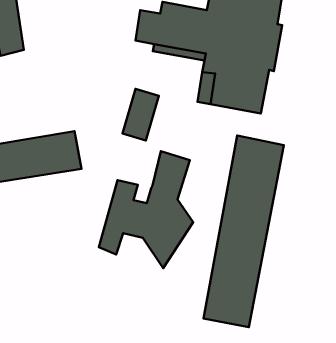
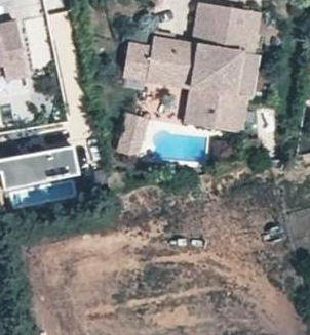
building: [204,135,284,327] -> none
building: [99,151,193,268] -> none

